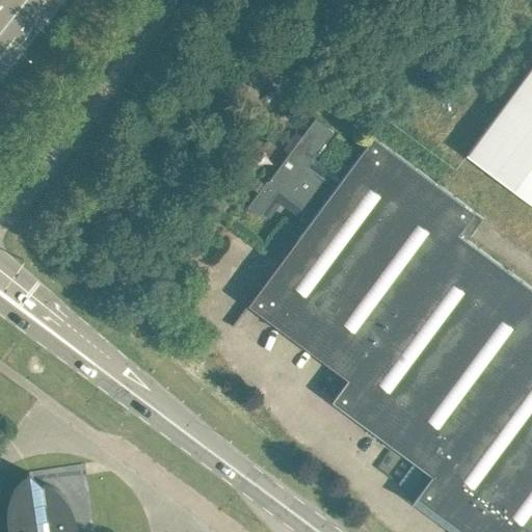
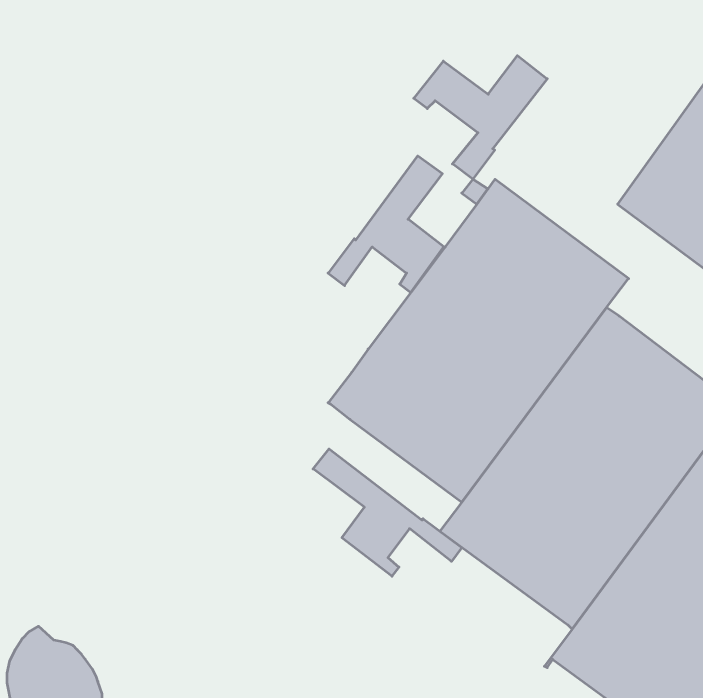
building: none -> [414,56,547,179]
building: none -> [313,449,462,576]

